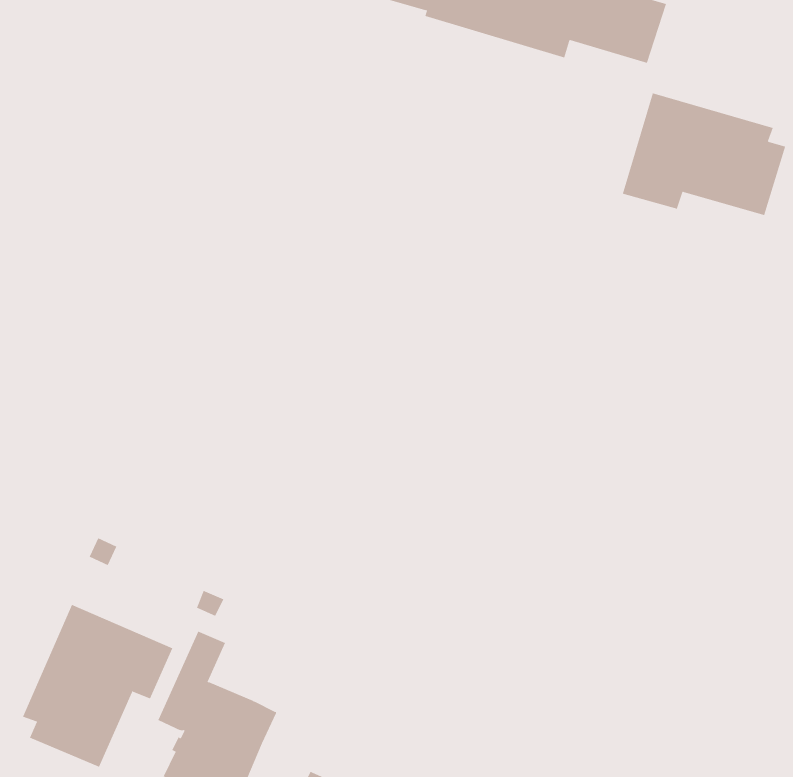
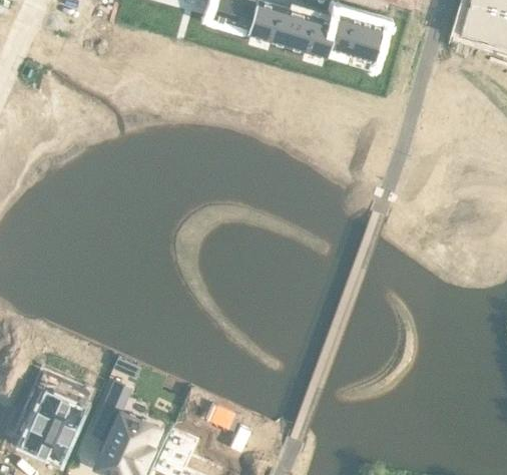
building: [622,92,786,216] -> none

